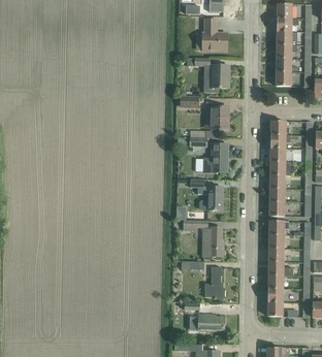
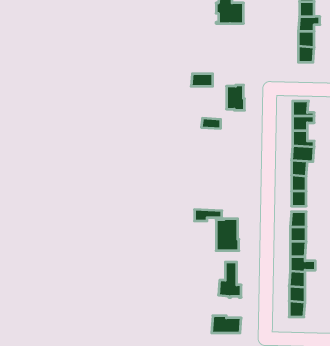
building: [204,65,229,92] -> none
building: [203,143,227,172] -> none
building: [190,178,223,209] -> none

